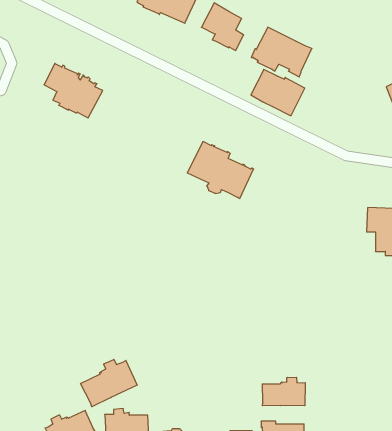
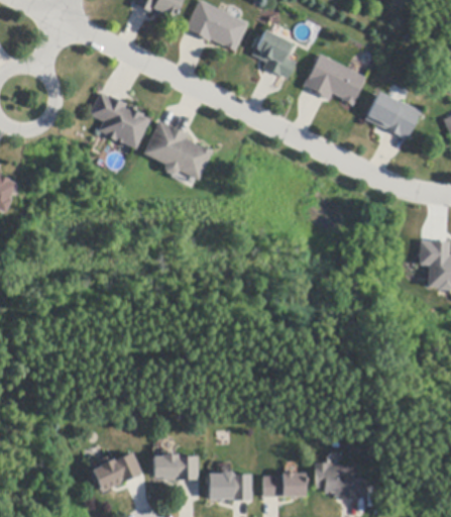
building: [251,69,305,115] -> [365,92,421,139]
building: [187,142,254,198] -> [143,121,212,180]
building: [81,359,137,407] -> none
building: [262,377,305,406] -> none

